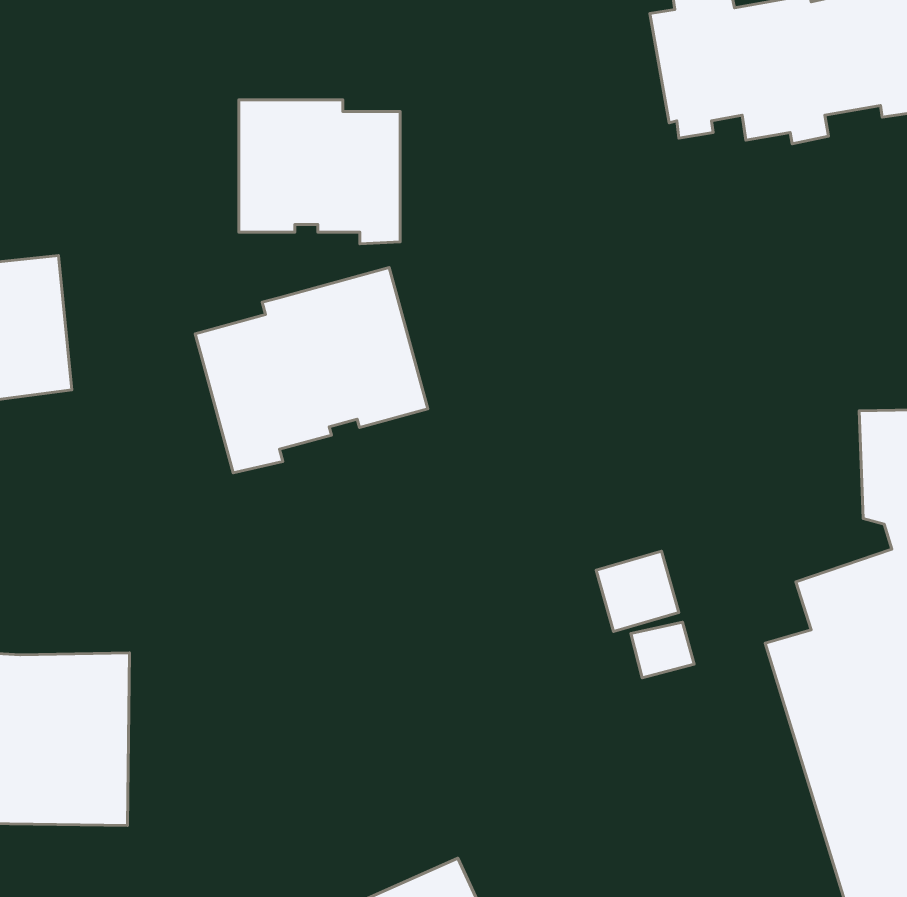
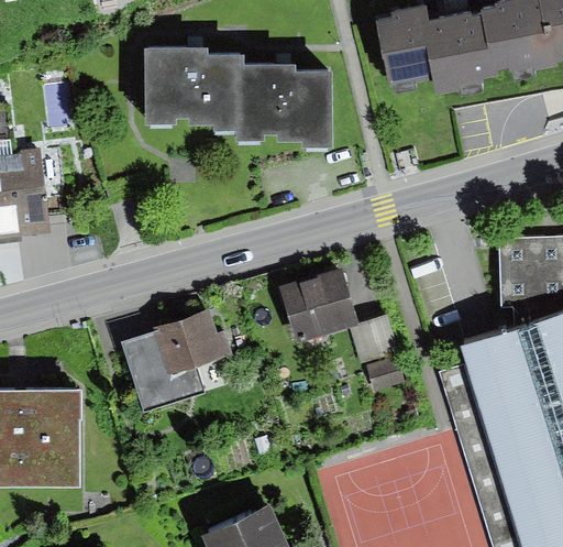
building: none -> [238,78,333,163]
building: [195,268,428,473] -> none
building: none -> [279,266,362,342]
building: none -> [125,308,233,411]

